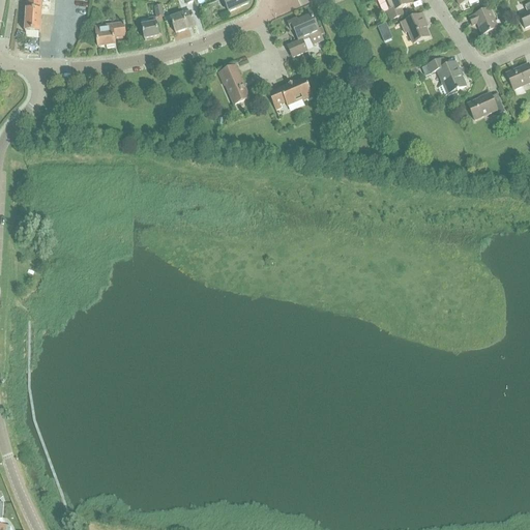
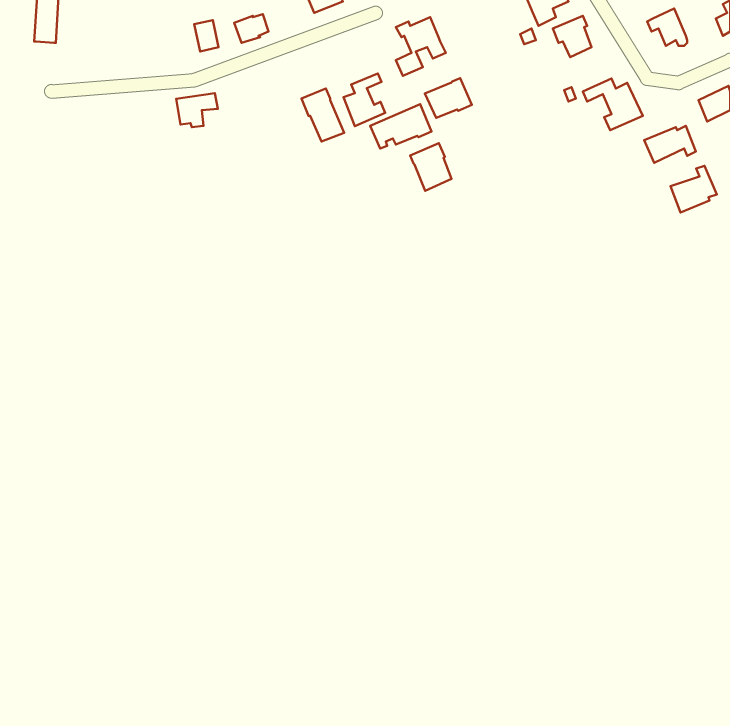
building: [95,22,125,47] -> [176,93,218,127]
building: none -> [344,73,385,126]
building: none -> [425,78,472,118]
building: none -> [410,143,452,191]
building: none -> [670,166,717,212]

